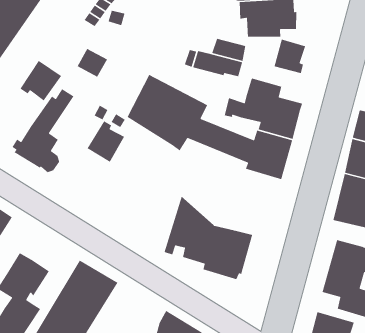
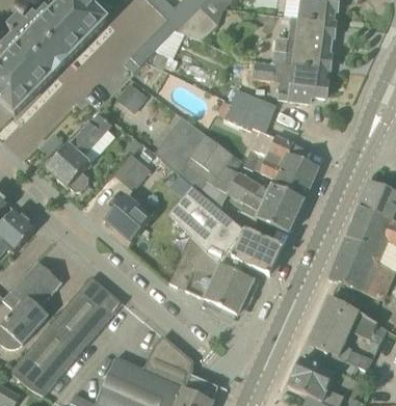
building: [273,38,306,75] -> none
building: [19,60,62,102] -> none
building: none -> [169,186,283,275]
building: none -> [105,196,151,241]

